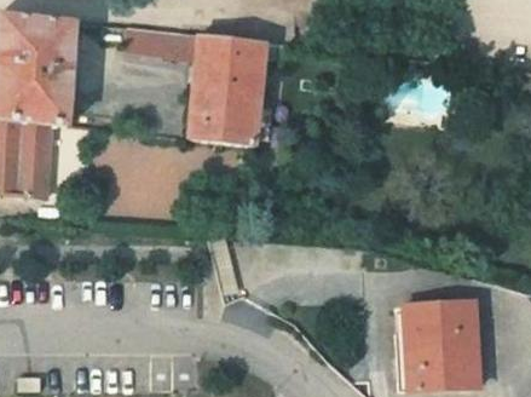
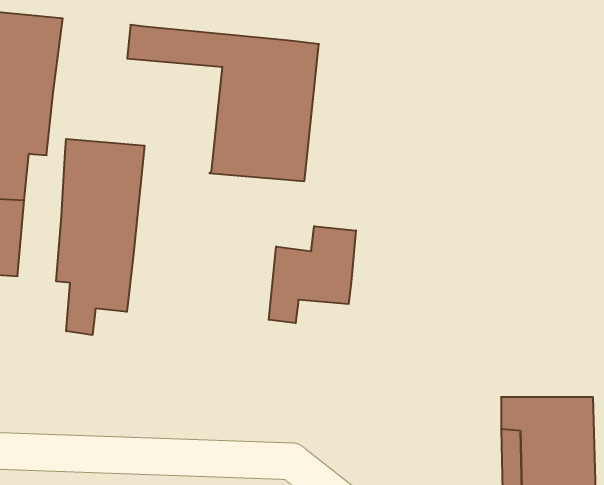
building: none -> [56,139,144,335]
building: none -> [269,226,356,323]

